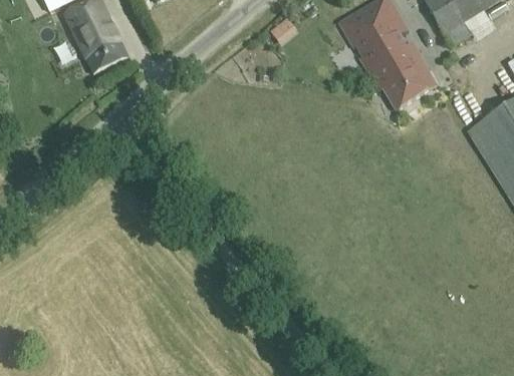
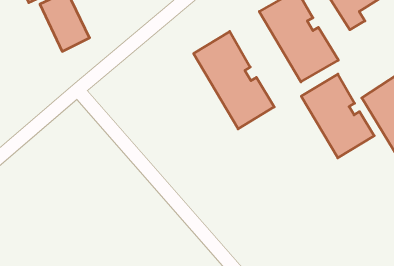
building: none -> [194,31,274,129]
building: none -> [301,74,374,158]

